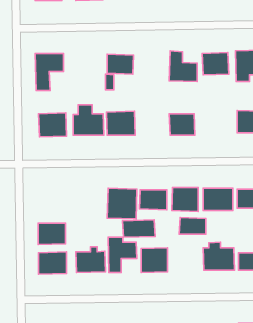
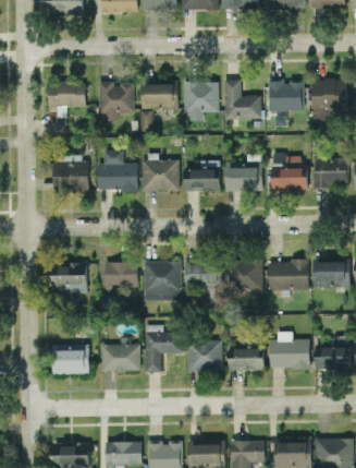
building: none -> [98,82,134,121]
building: none -> [184,82,219,121]
building: none -> [271,155,308,191]
building: none -> [185,169,220,191]
building: none -> [105,262,138,289]
building: [179,218,206,234] -> [229,348,263,370]
building: [122,220,155,237] -> none
building: [38,223,65,245] -> [51,265,87,293]

